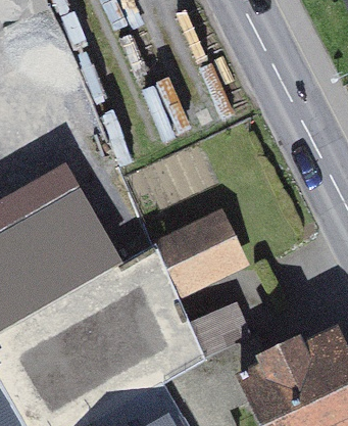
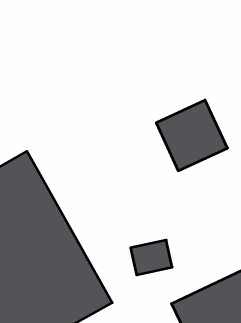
building: [150,211,234,294] -> [156,100,228,171]

